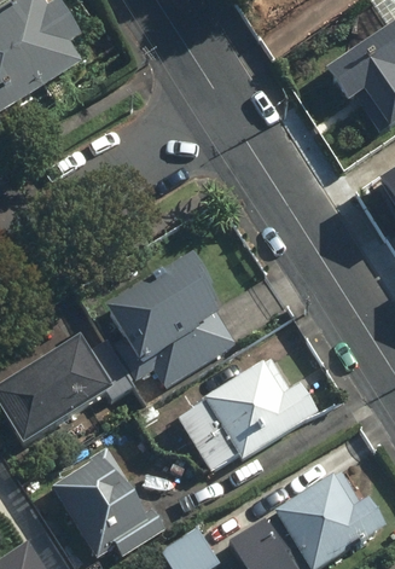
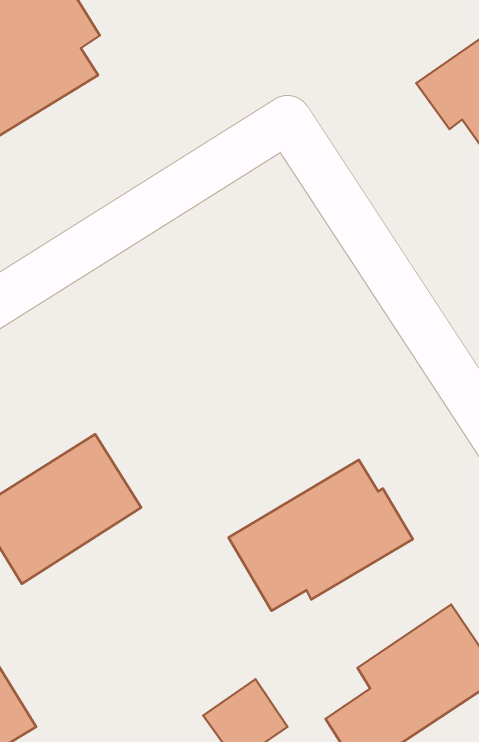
building: [103,254,237,390] -> none
building: [50,448,168,558] -> none

